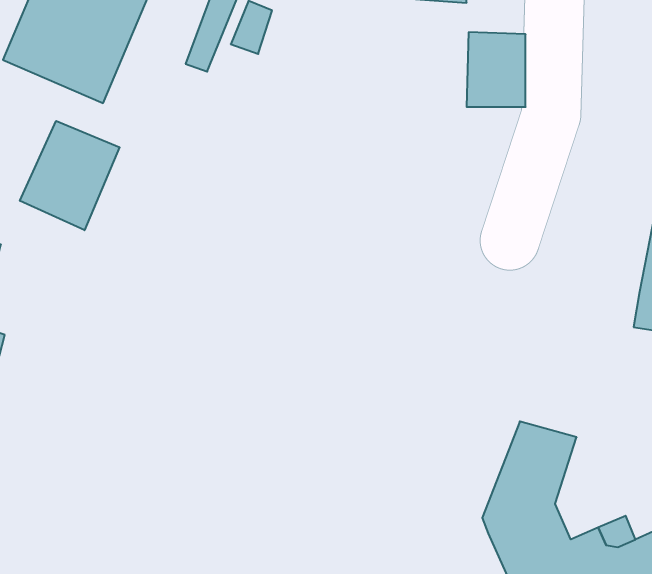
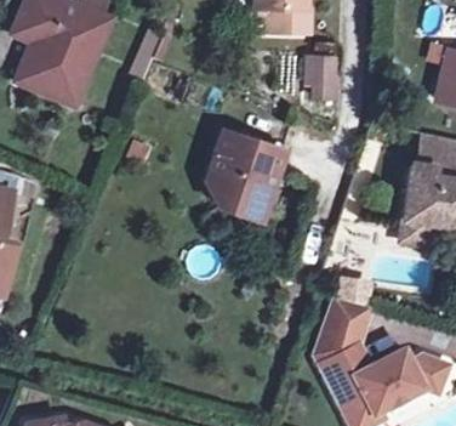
building: [20,121,120,230] -> none
building: none -> [212,132,292,223]

